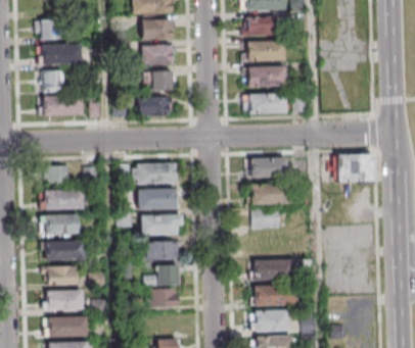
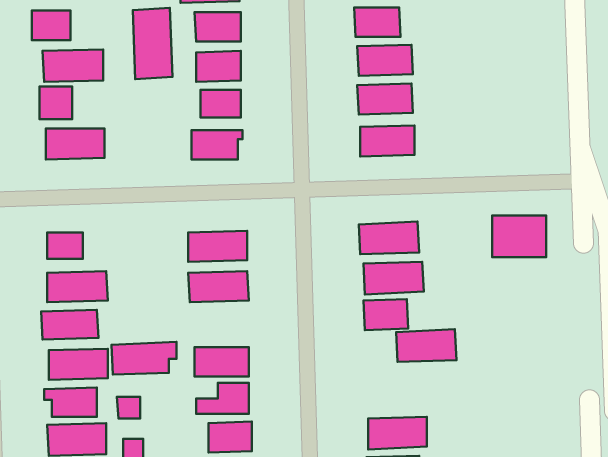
building: none -> [133,8,172,79]
building: [140,214,183,236] -> [111,342,176,374]
building: [255,259,294,281] -> [396,329,456,362]

